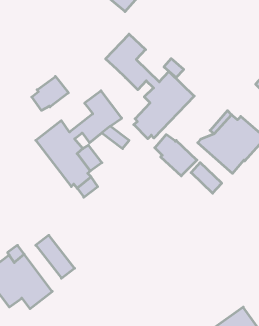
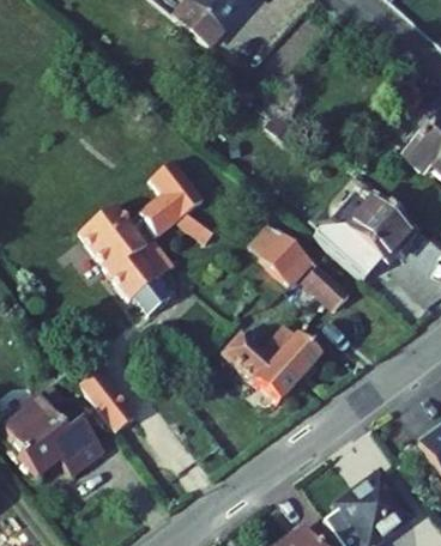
building: [106,34,194,139] -> none
building: [32,76,68,110] -> none
building: none -> [220,326,318,402]

